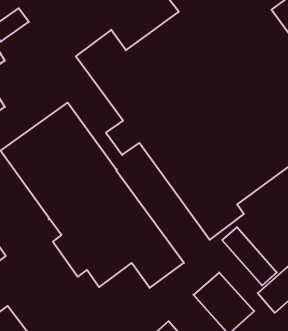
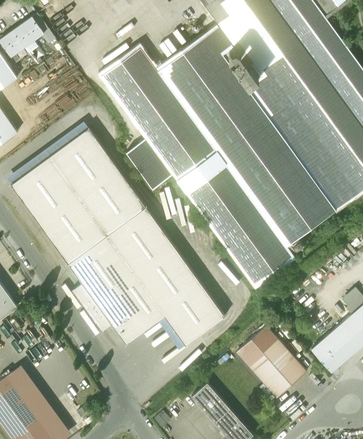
building: [222,227,277,286] -> none

